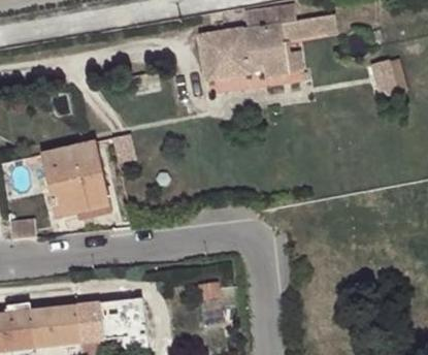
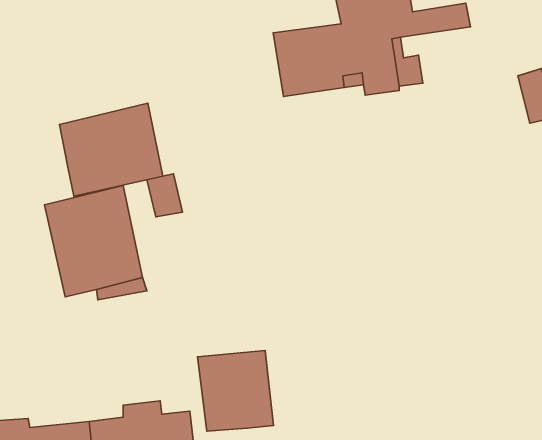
building: none -> [60,103,163,196]
building: none -> [197,350,274,431]

